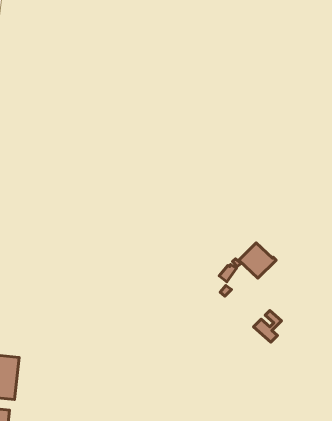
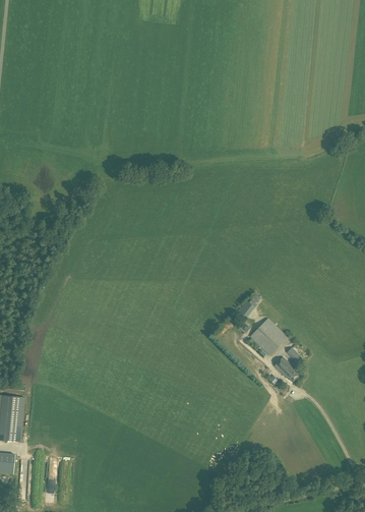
building: [239,243,276,278] -> [249,318,289,355]

